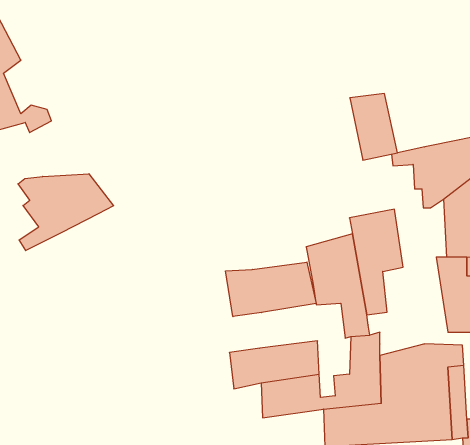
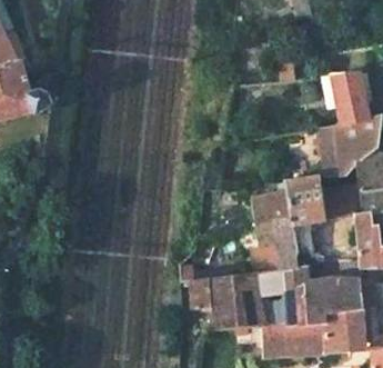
building: [350,94,397,160] -> [330,72,366,123]
building: [18,174,114,251] -> none
building: [226,262,316,317] -> none

